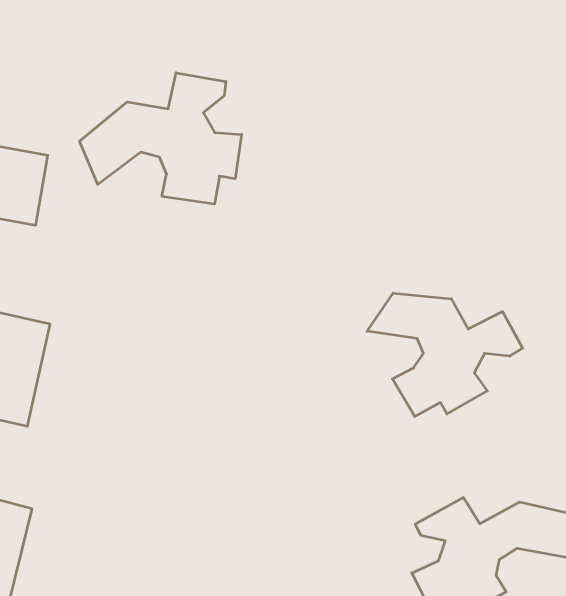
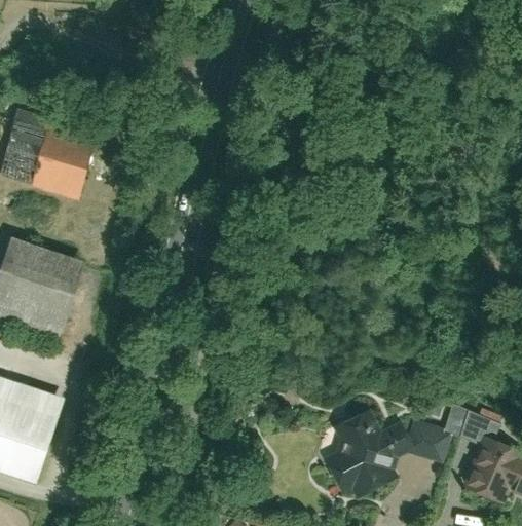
building: [80,73,242,204] -> none
building: [367,293,523,417] -> none

